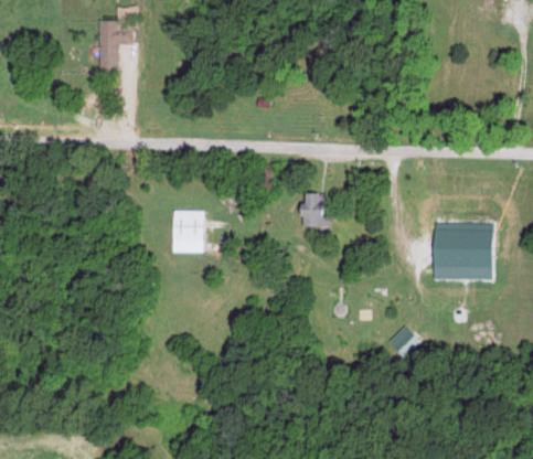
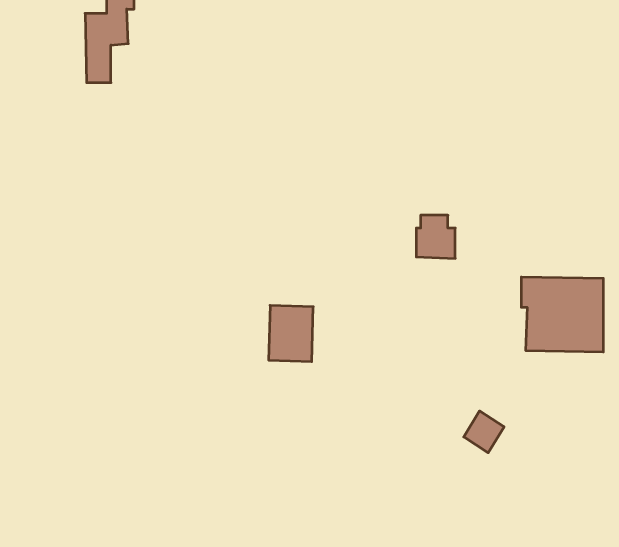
building: [298,193,328,226] -> [416,215,455,258]
building: [171,210,205,253] -> [269,305,313,362]

